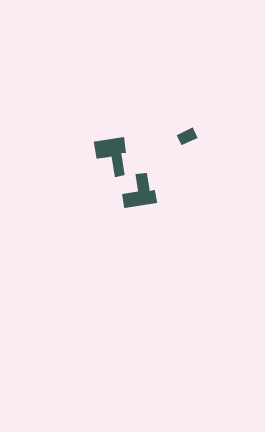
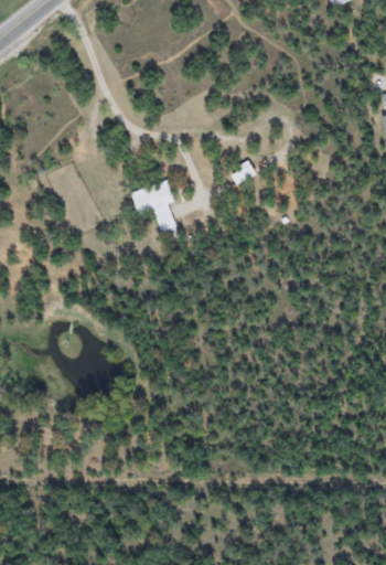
building: [122,172,158,209] -> none

